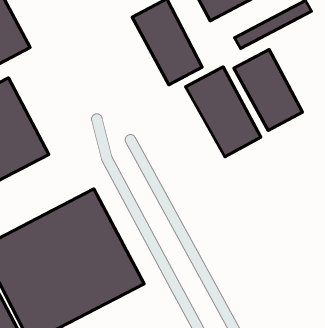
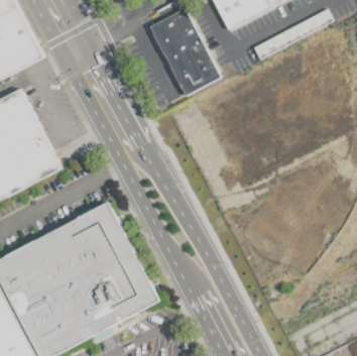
building: [234,50,302,130] -> none
building: [185,67,261,157] -> none

